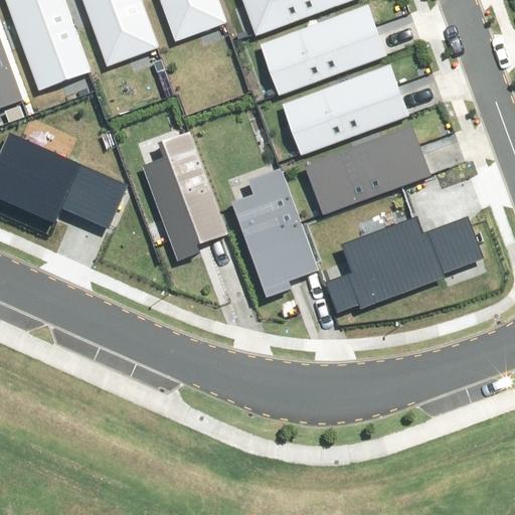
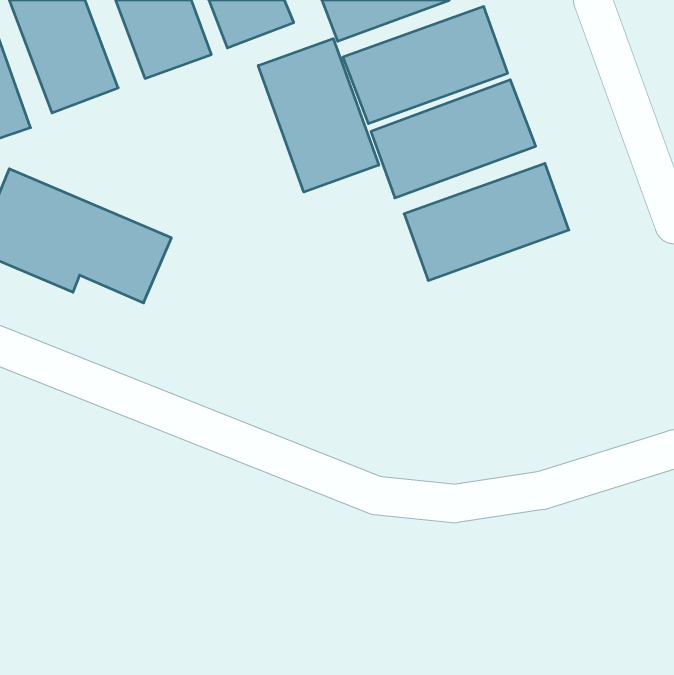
building: none -> [258,39,379,192]
building: [140,133,225,260] -> none
building: [230,167,315,294] -> none
building: [325,216,484,313] -> none

